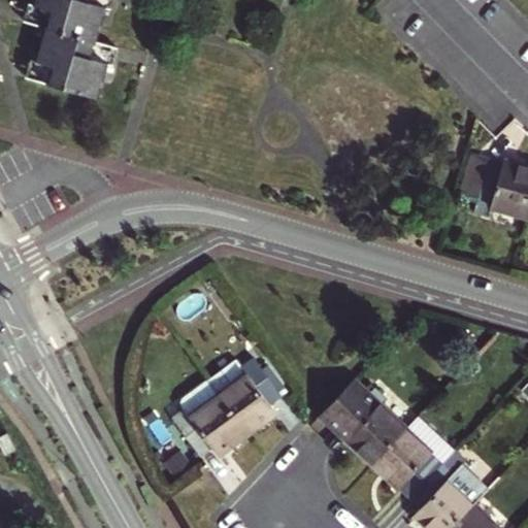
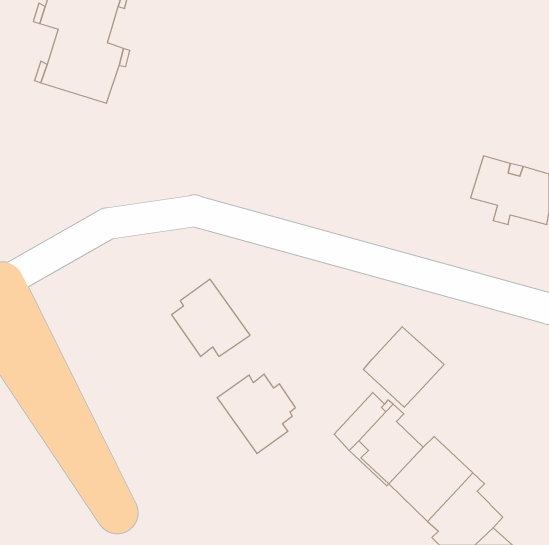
building: none -> [363,327,444,407]
building: [171,382,246,456] -> [172,279,250,357]

